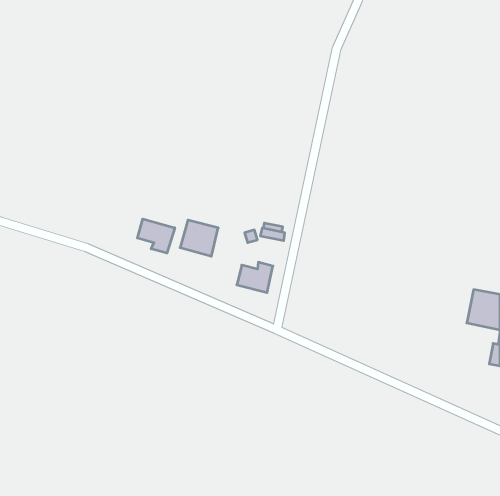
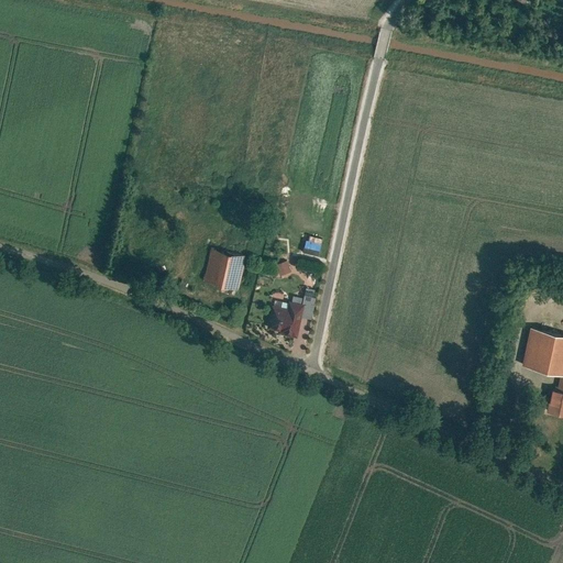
building: [137,219,175,253] -> none

